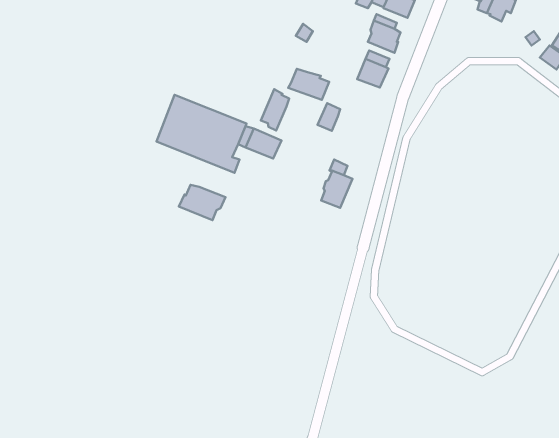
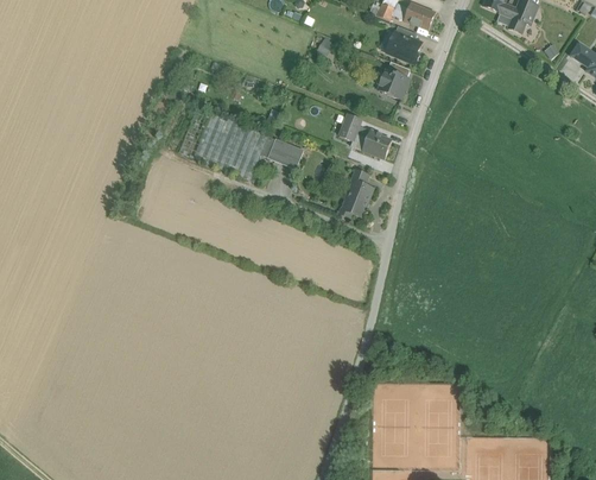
building: [288,69,329,100] -> [350,126,391,157]
building: [261,89,289,131] -> none
building: [179,185,225,220] -> none

